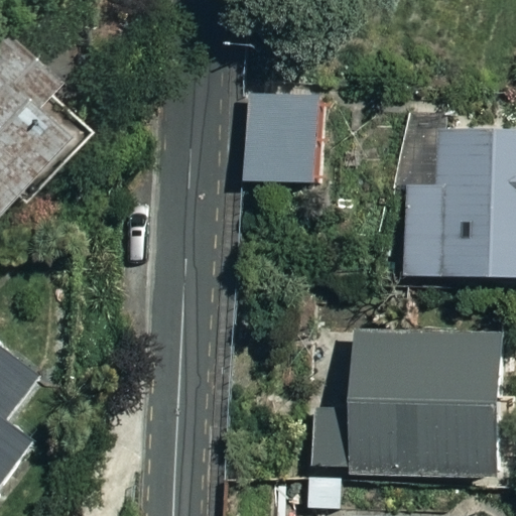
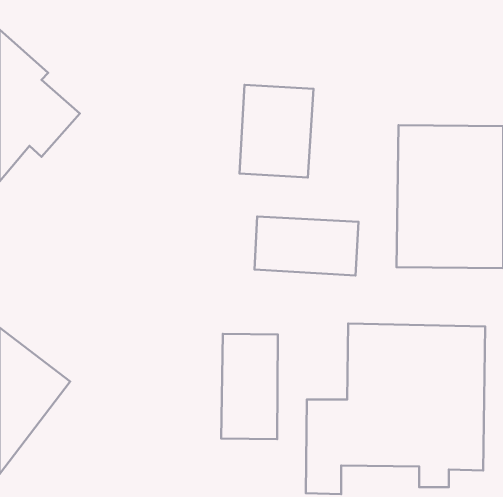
building: none -> [254,217,358,275]
building: none -> [221,334,278,439]

